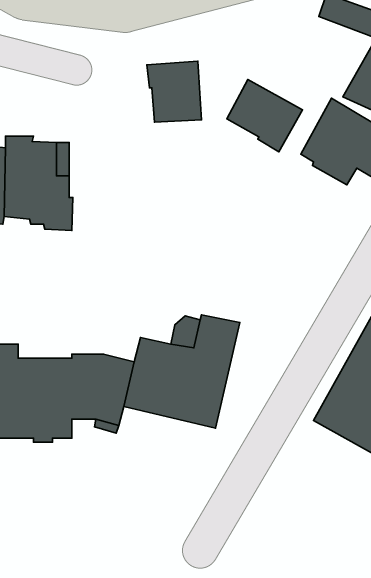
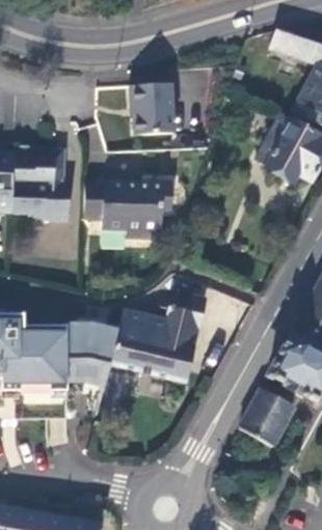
building: [227,80,303,152] -> none
building: none -> [84,180,170,241]
building: none -> [238,388,294,446]

